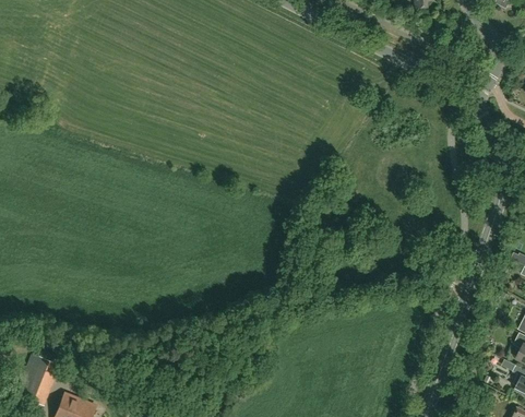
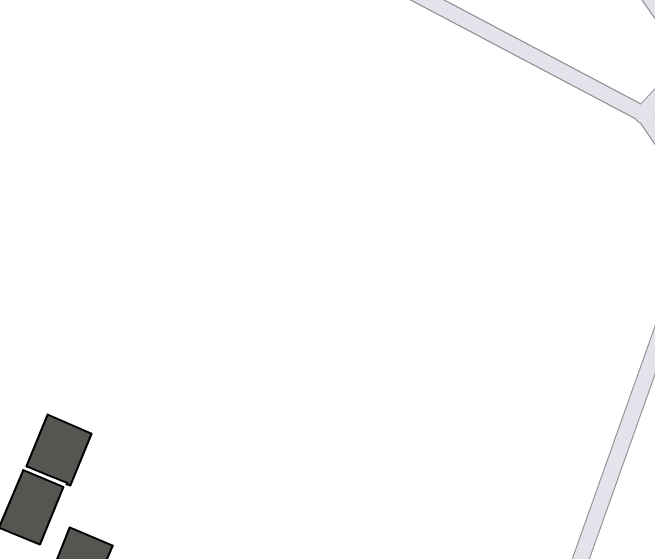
building: none -> [27,414,91,486]

